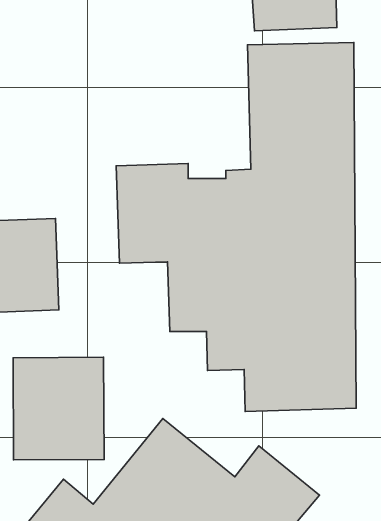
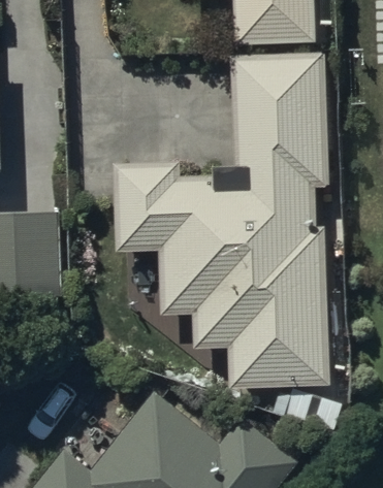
building: [13,357,104,460] -> none

